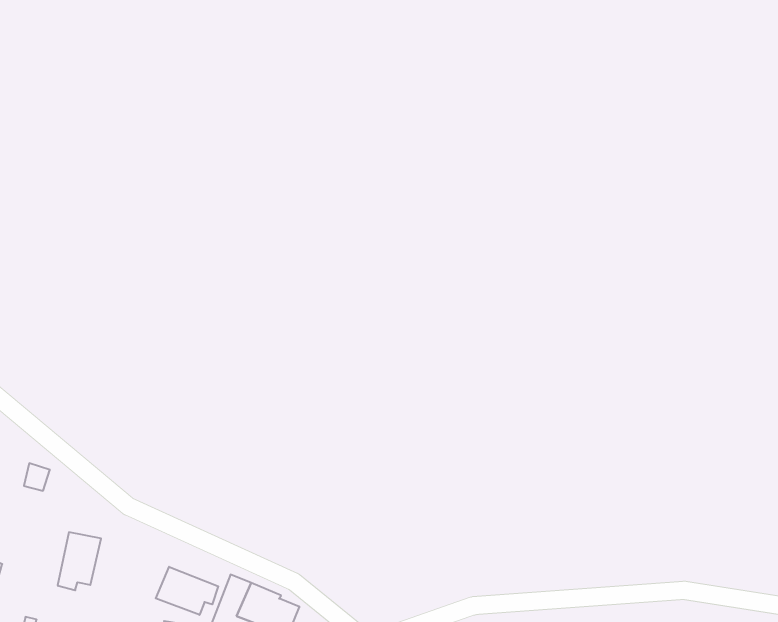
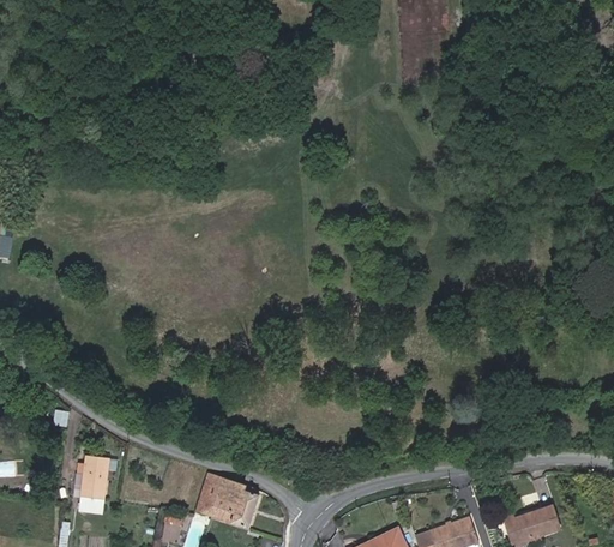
building: [156,567,218,615] -> none

